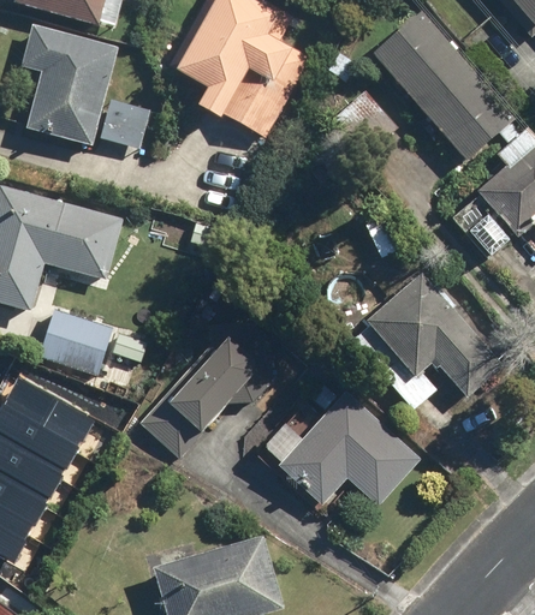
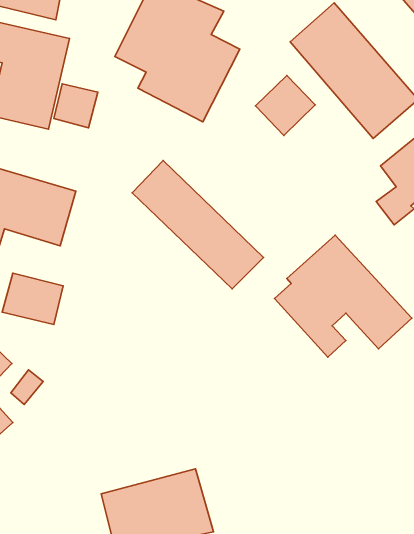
building: none -> [132,160,263,289]
building: [143,334,258,453] -> none
building: [261,388,422,506] -> none

